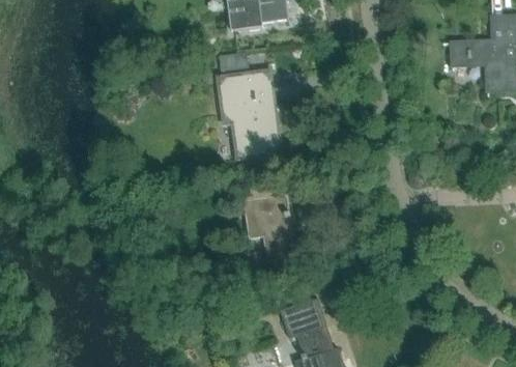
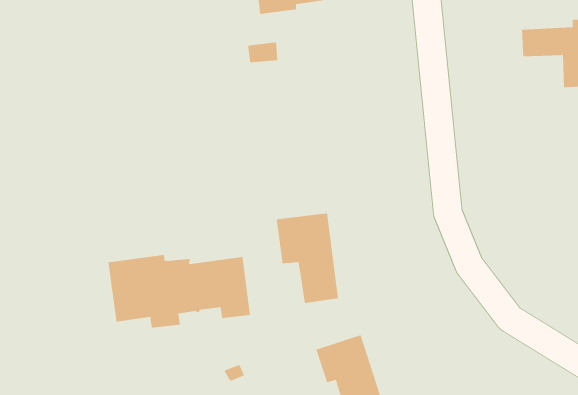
building: [218,73,278,159] -> none
building: none -> [108,254,251,329]

